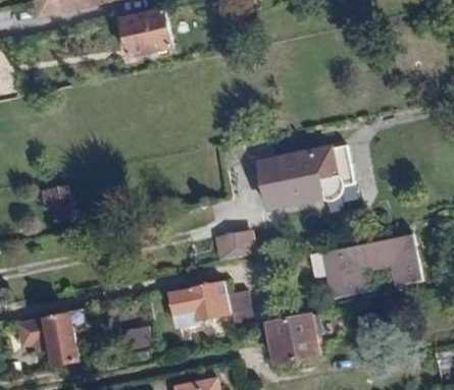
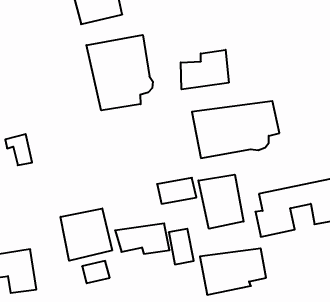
building: none -> [86,35,153,110]
building: none -> [181,50,229,89]
building: none -> [198,175,244,229]
building: none -> [61,208,112,261]

